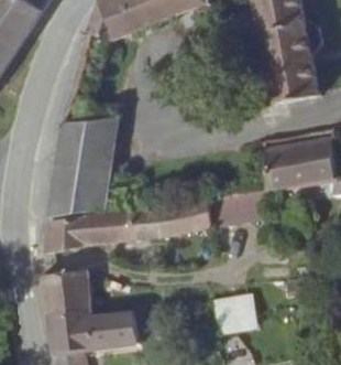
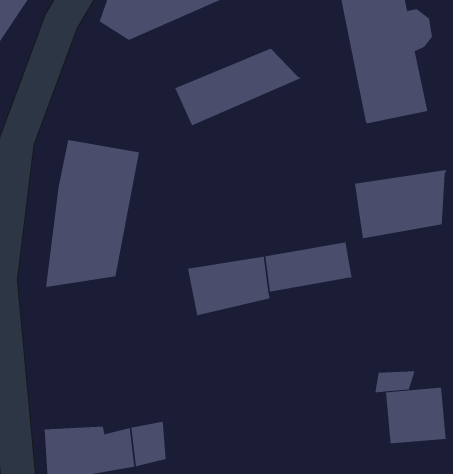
building: none -> [174,48,302,126]
building: [47,204,157,257] -> none
building: [48,275,95,316] -> none
building: [212,294,255,334] -> [385,387,447,444]

